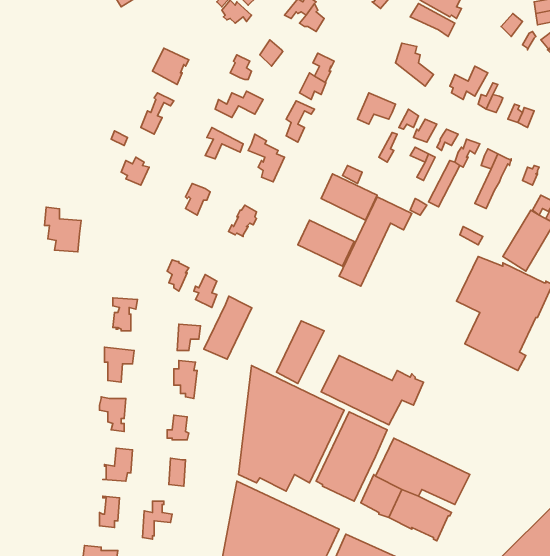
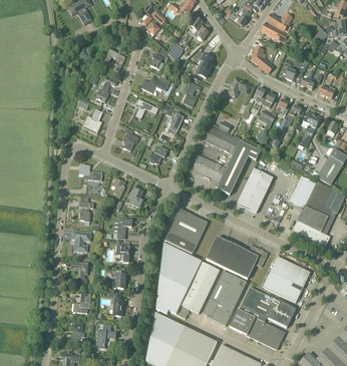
building: [45,207,81,252] -> [80,164,102,192]
building: none -> [237,159,275,213]
building: [204,296,252,359] -> [164,209,194,247]
building: none -> [263,257,310,303]

